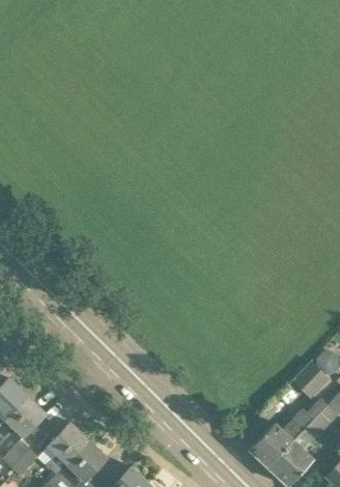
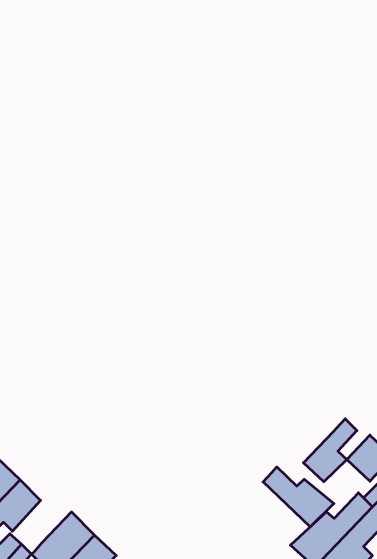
building: none -> [303,419,357,482]
building: none -> [263,467,334,527]

